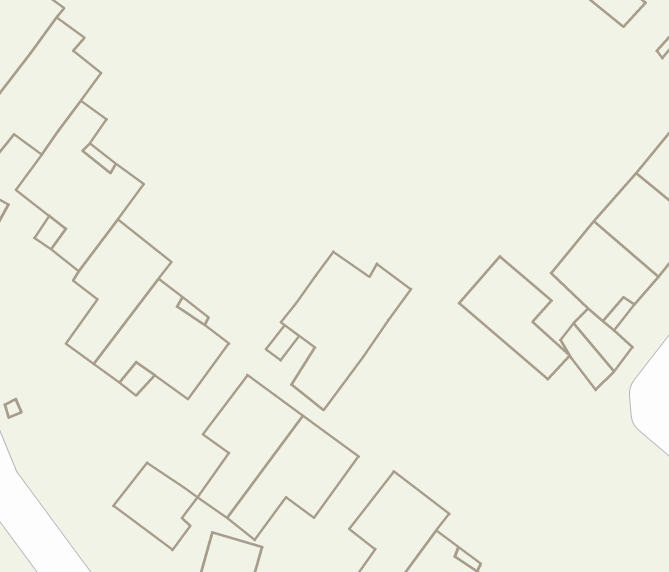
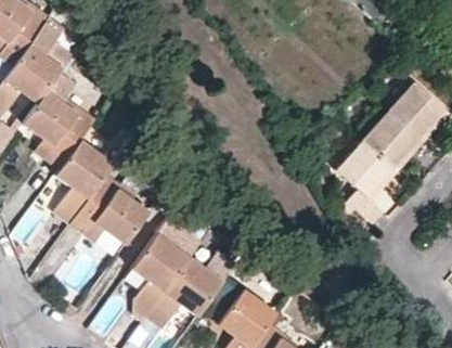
building: [281,252,411,410] -> none
building: [459,256,570,379] -> none
building: [113,463,197,550] -> none

